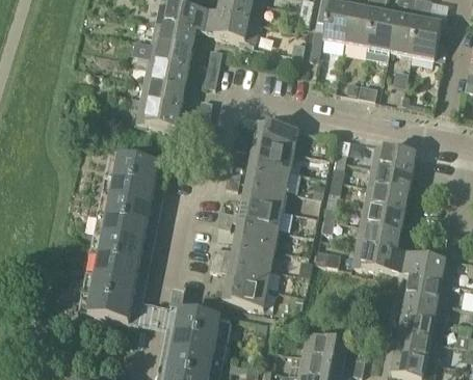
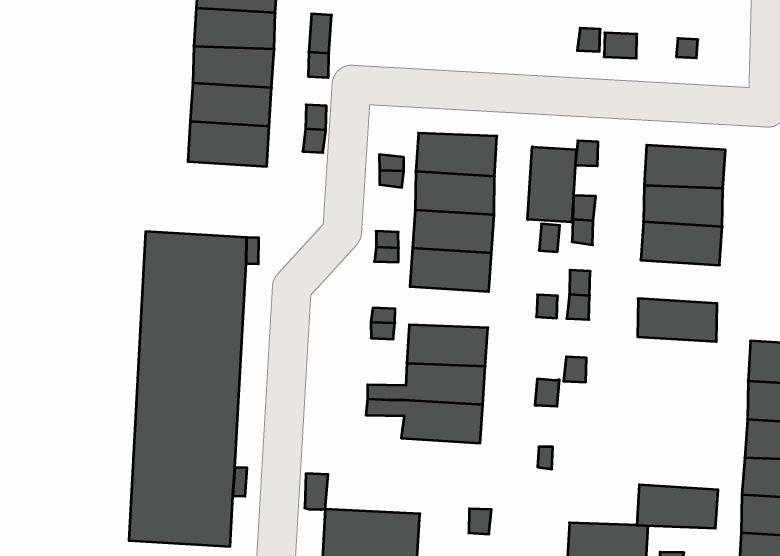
building: none -> [528,147,576,222]
building: [238,200,282,227] -> none
building: [359,203,403,232] -> none
building: [351,243,396,271] -> [637,485,718,528]
building: [202,278,266,307] -> none

